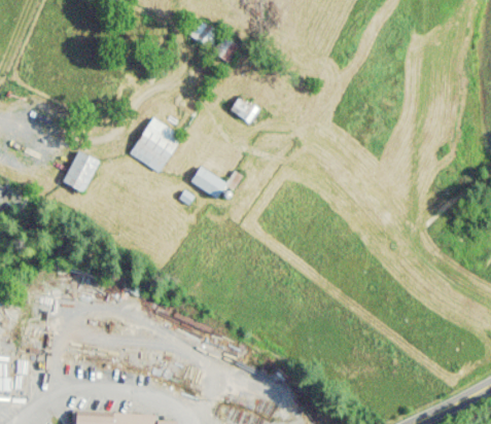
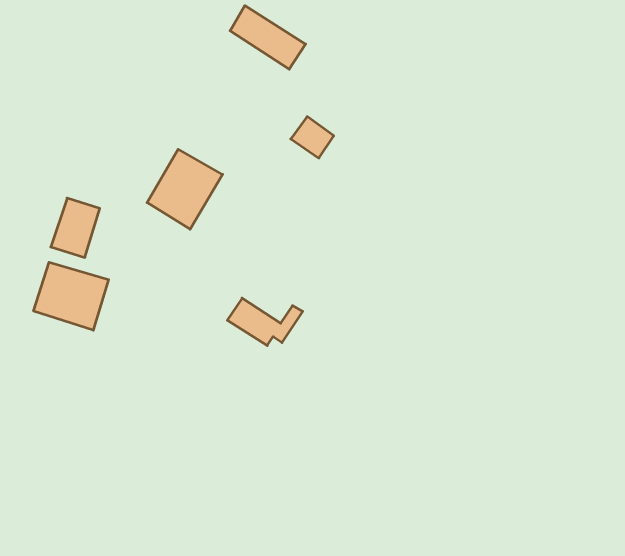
building: [189,166,242,199] -> [227,298,303,346]
building: none -> [34,262,109,330]

